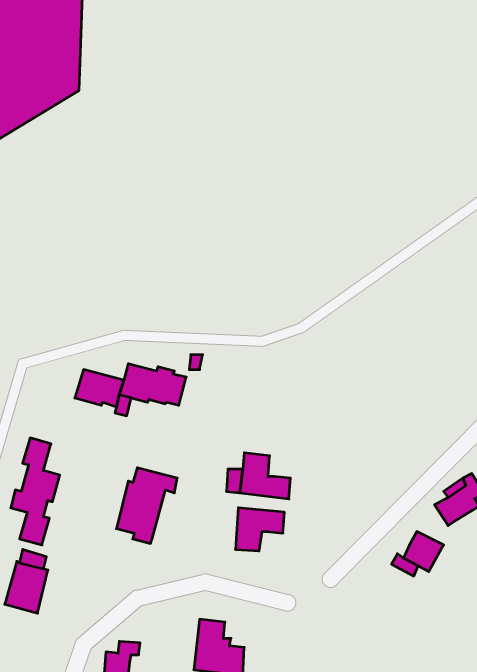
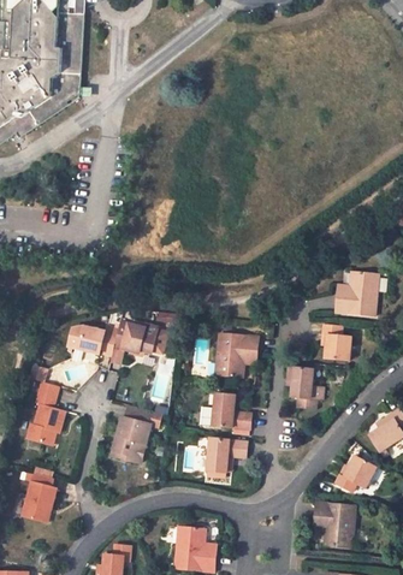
building: none -> [334,271,378,316]
building: none -> [322,324,351,360]
building: none -> [215,332,257,377]
building: none -> [290,367,324,408]
building: none -> [313,502,355,547]

